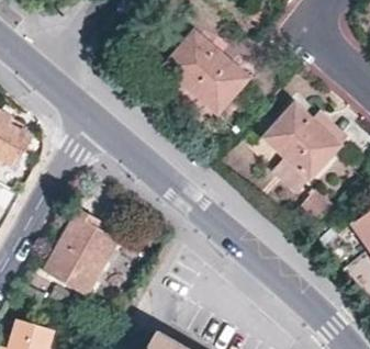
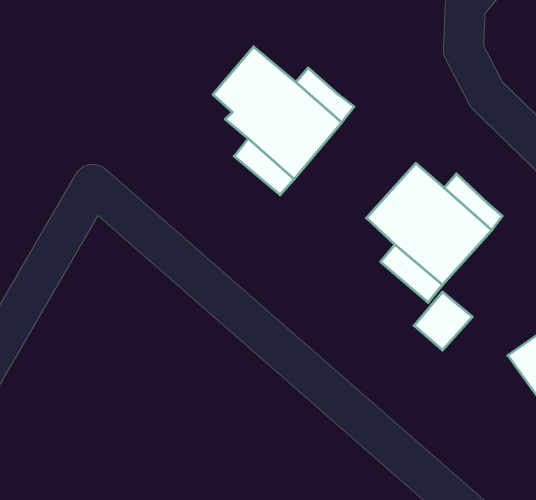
building: [41,213,113,297] -> none

